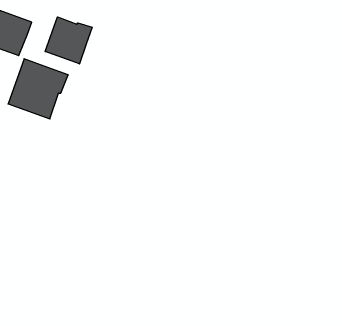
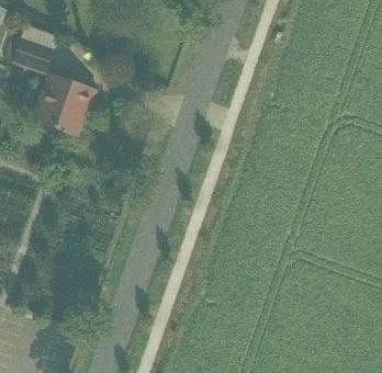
building: [45,17,92,64] -> none

